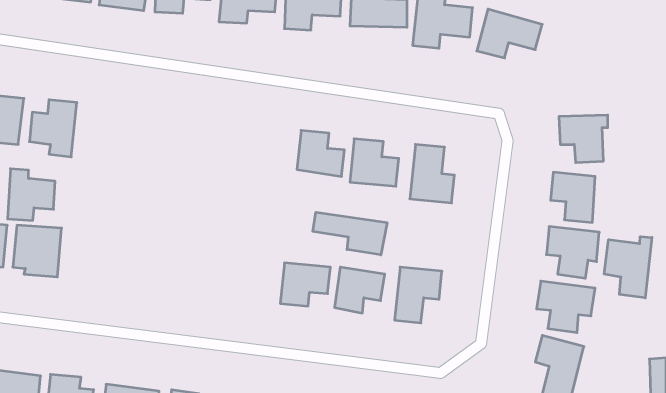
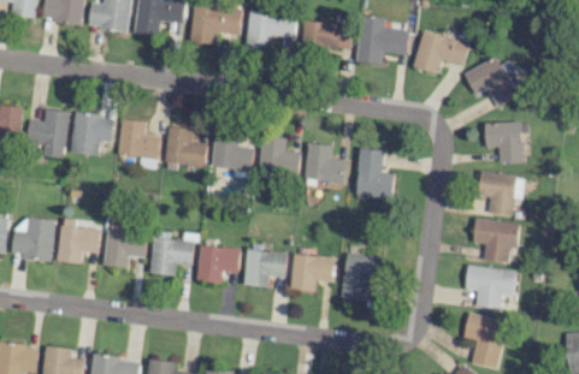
building: none -> [465,55,518,107]
building: none -> [70,112,116,155]
building: none -> [119,119,159,158]
building: none -> [164,125,207,167]
building: none -> [212,131,254,178]
building: [8,169,55,220] -> [59,218,100,262]
building: [313,212,387,255] -> none
building: [604,237,652,298] -> none
building: none -> [104,228,147,267]
building: none -> [150,232,195,274]
building: none -> [197,244,241,283]

